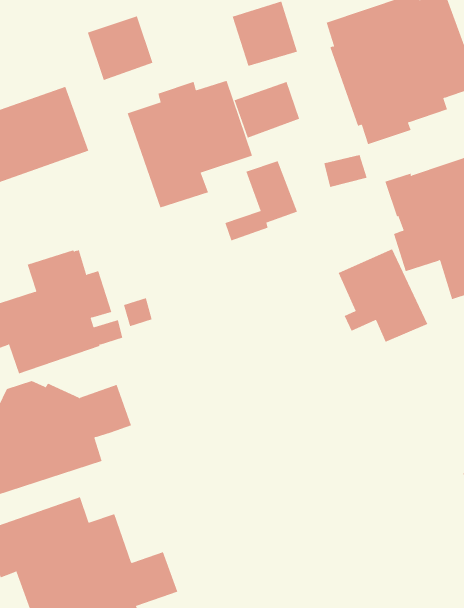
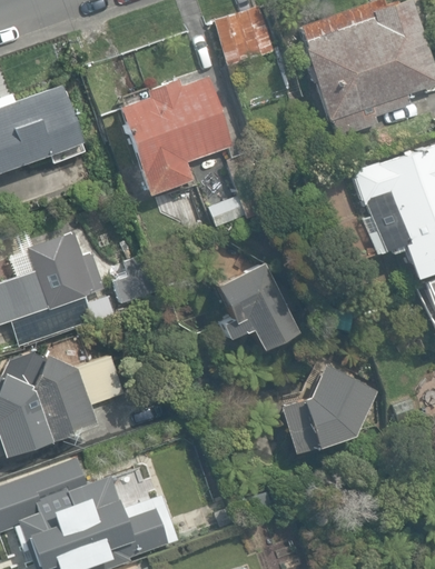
building: [87,16,153,81] -> none
building: [234,81,300,138] -> none
building: [338,249,428,343] -> [216,262,298,348]
building: none -> [280,363,375,451]

